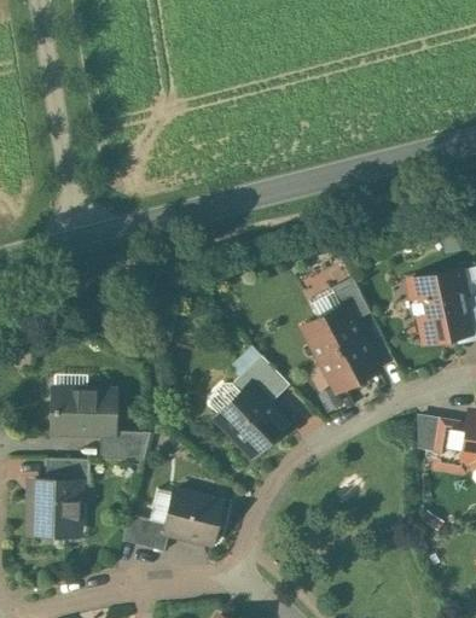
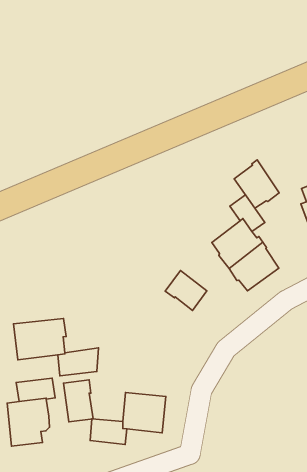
building: none -> [234,160,279,208]
building: [216,385,286,455] -> none
building: none -> [64,380,93,422]

